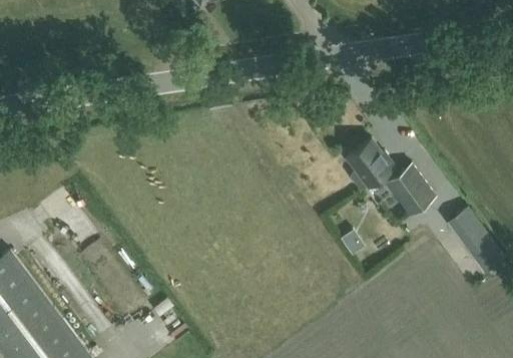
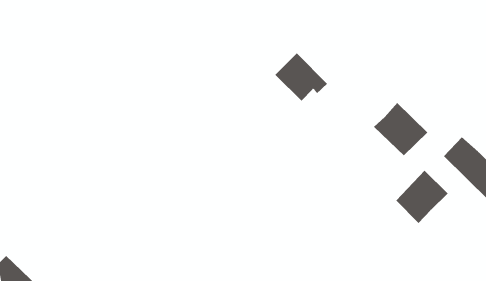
building: [346,140,396,189] -> [274,53,328,102]
building: none -> [395,170,449,224]

